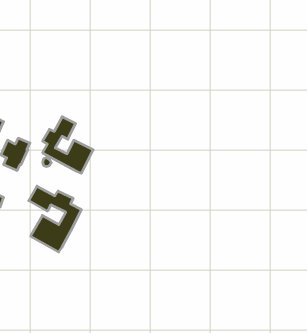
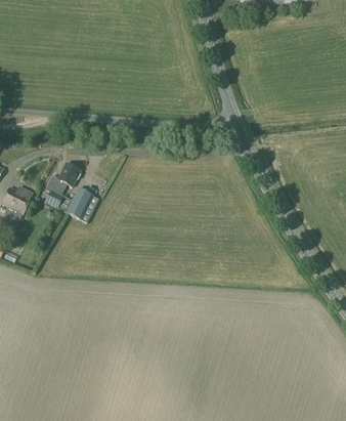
building: [29,186,81,252] -> none

